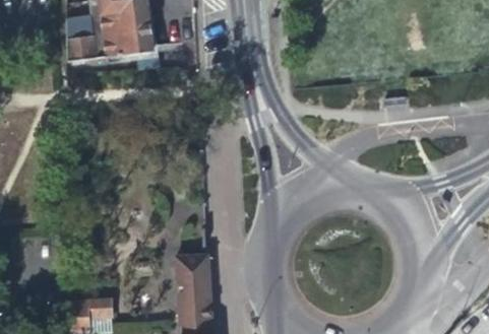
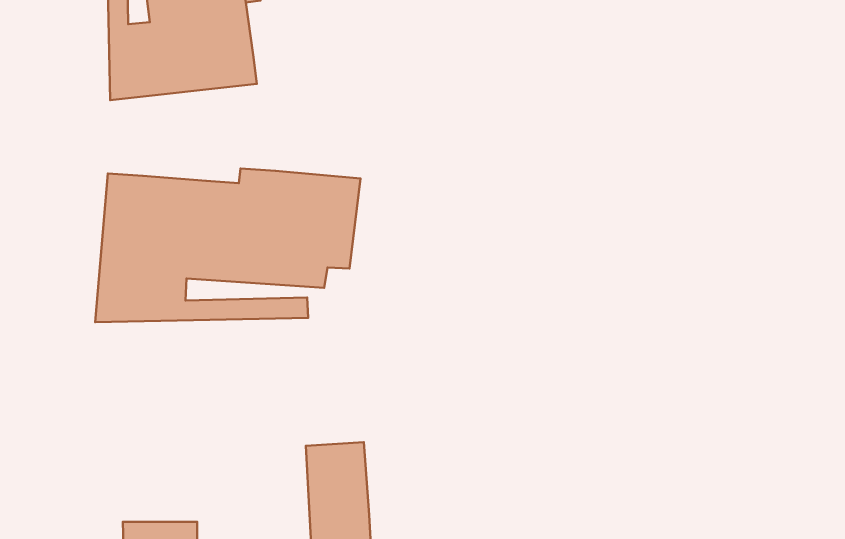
building: none -> [95,168,361,322]

